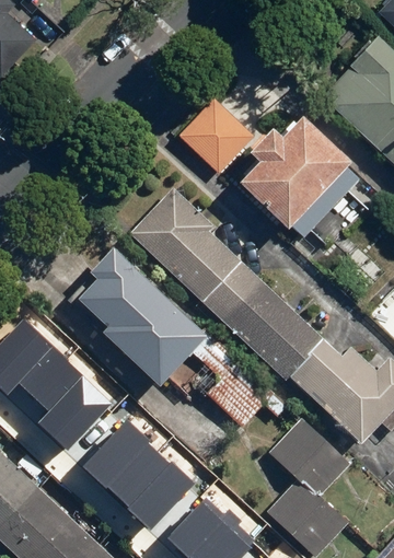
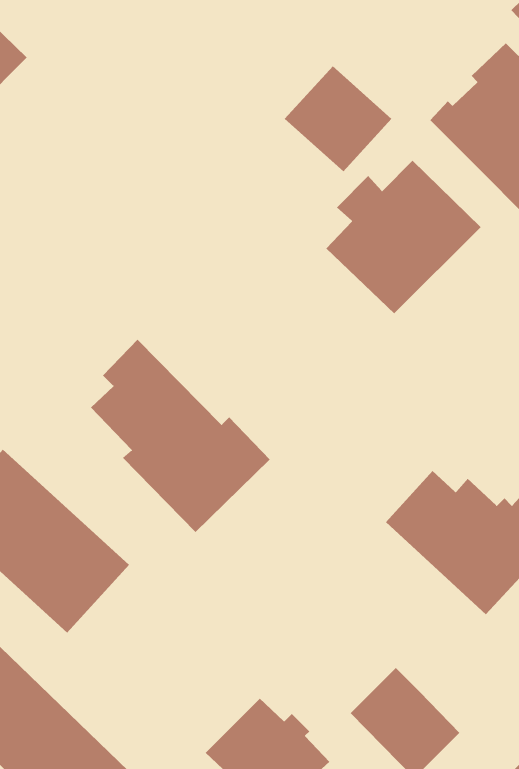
building: [178,101,256,177] -> [284,65,392,172]
building: [127,185,325,382] -> none
building: [268,416,350,498] -> none
building: [79,426,192,536] -> none

